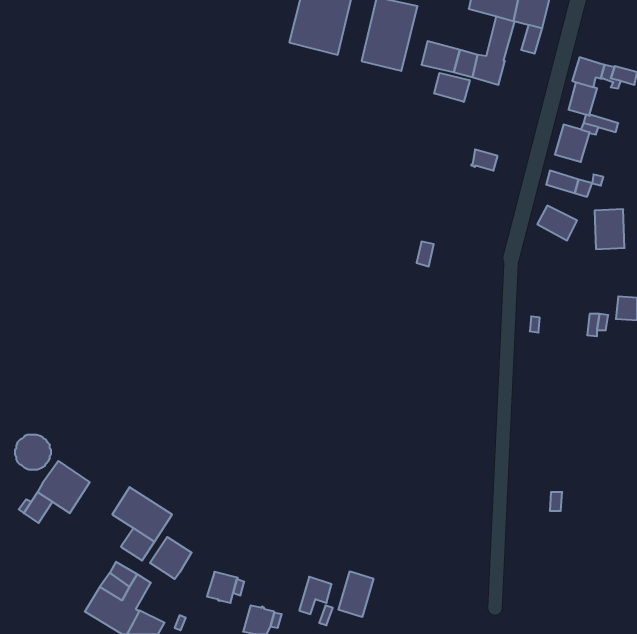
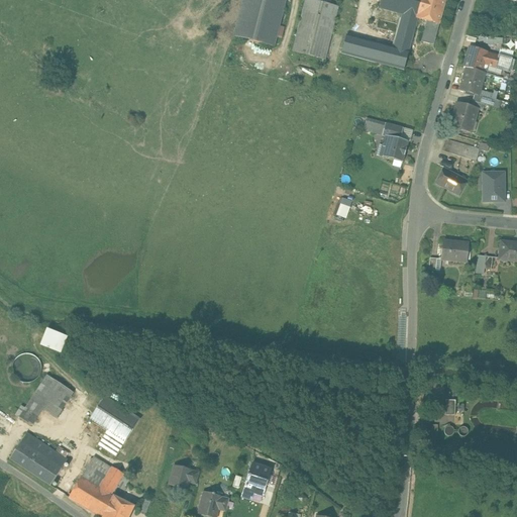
building: [434,73,470,102] -> none
building: none -> [383,134,408,162]
building: none -> [441,239,469,261]
building: none -> [40,327,67,350]
building: none -> [9,431,68,485]
building: [150,537,192,579] -> none
building: [338,571,373,617] -> none

